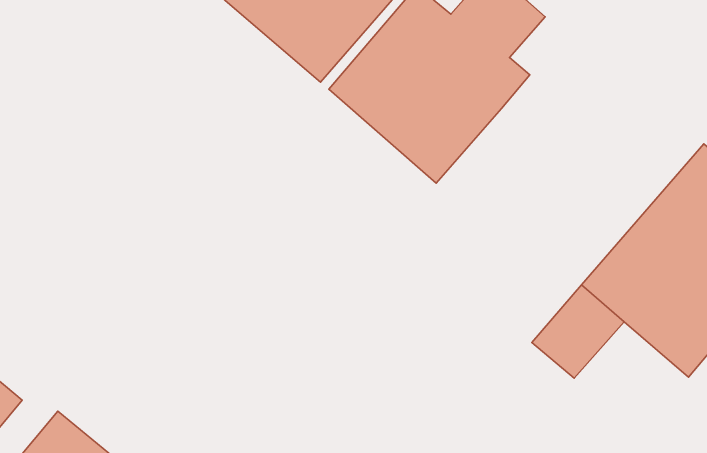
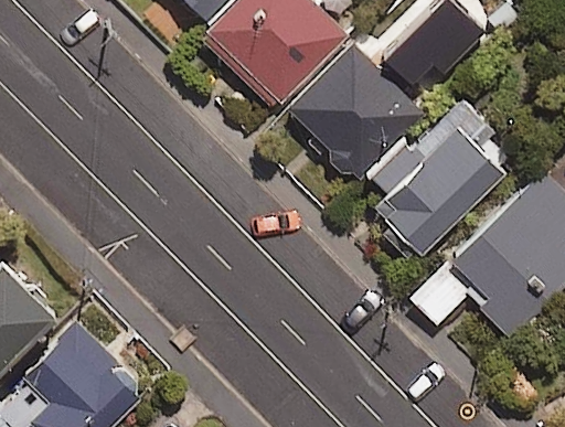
building: none -> [352,98,511,253]

